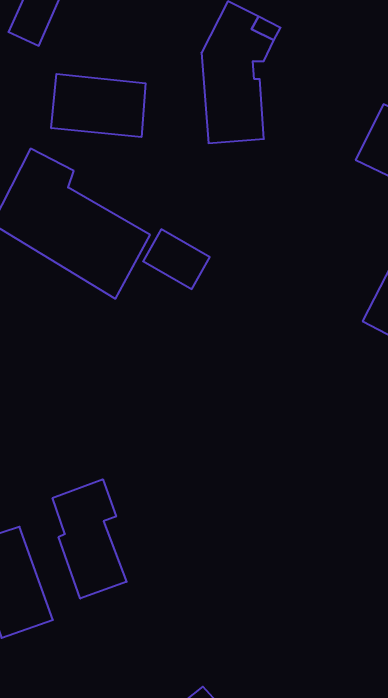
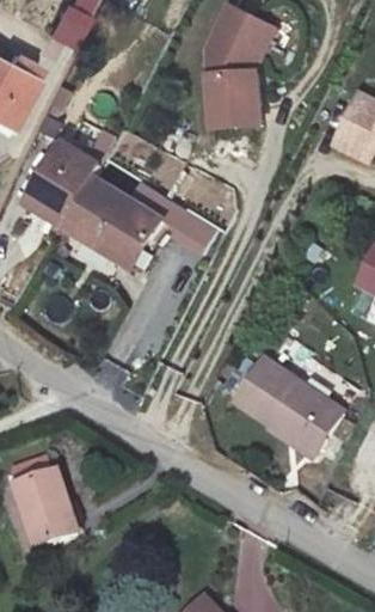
building: [51,74,146,137] -> none
building: none -> [233,361,340,459]
building: [53,479,127,599] -> none

